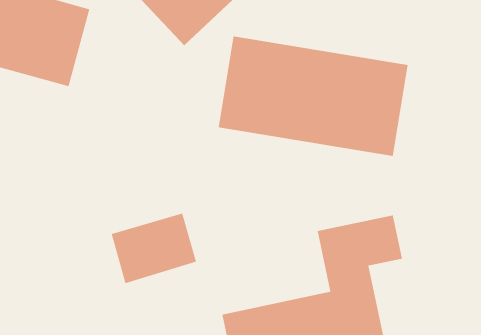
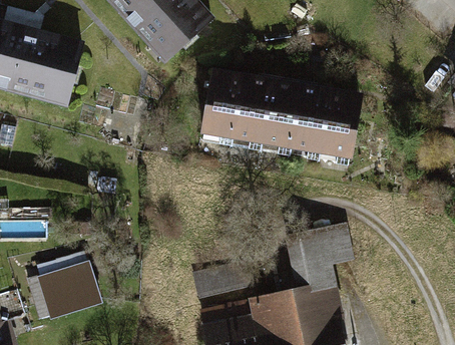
building: [111,213,197,284] -> [27,253,101,314]

